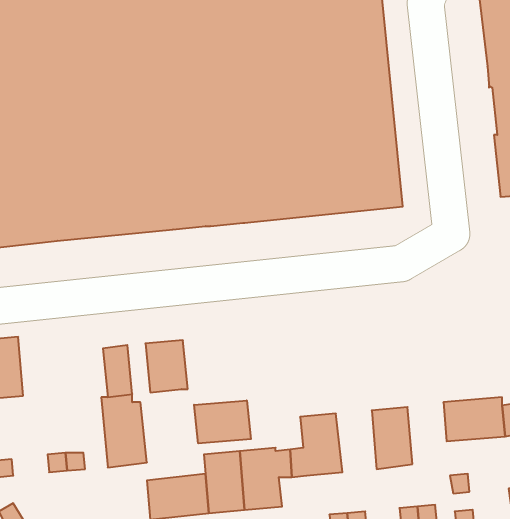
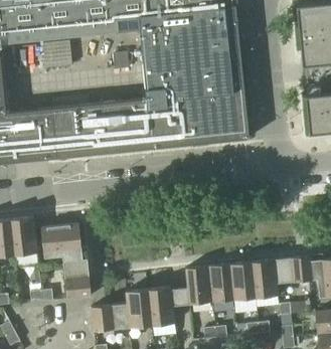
building: none -> [12,217,37,255]
building: [145,340,188,392] -> [41,226,67,258]
building: [194,400,251,443] -> none
building: none -> [253,259,278,298]
building: none -> [208,265,233,303]

